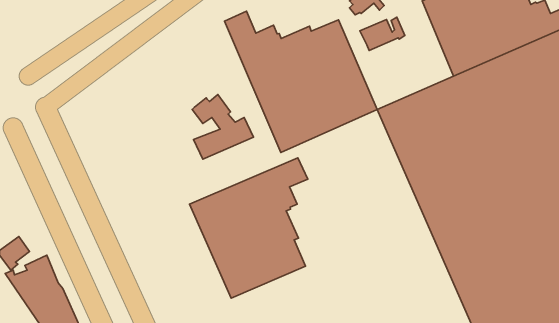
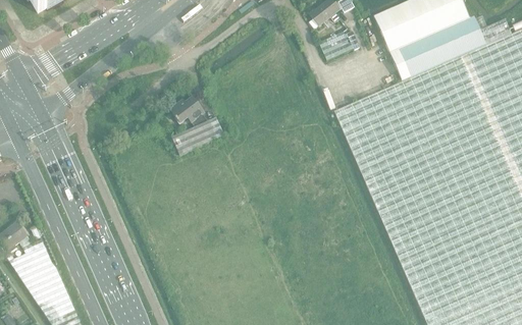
building: [225,11,377,152] -> none
building: [189,158,308,298] -> none

